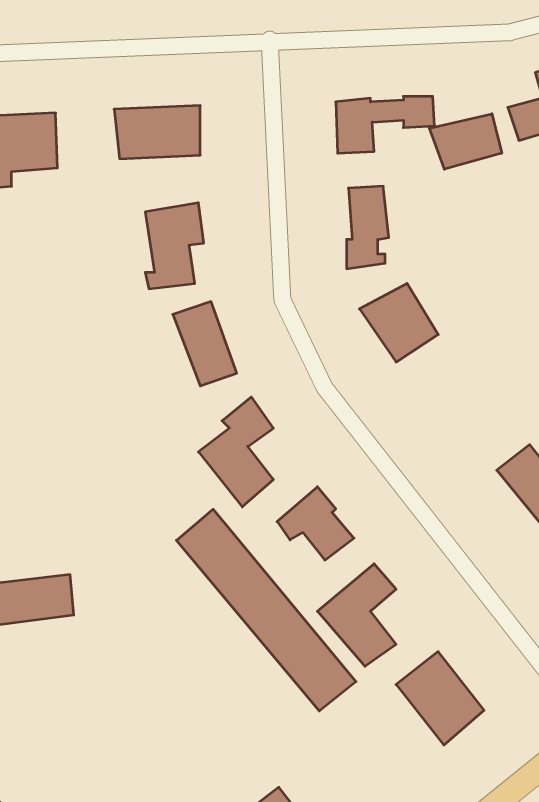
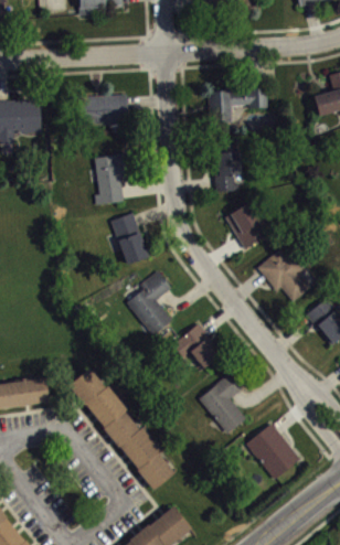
building: [429,114,502,169] -> none
building: none -> [257,245,311,301]
building: [176,509,356,711] -> [68,368,177,490]

